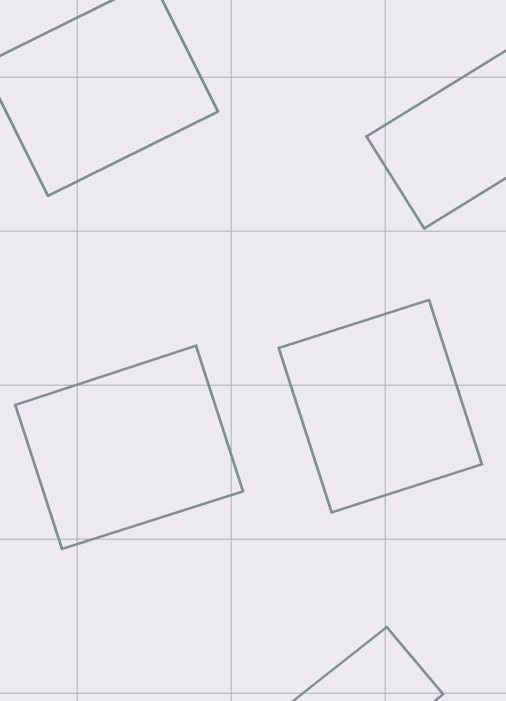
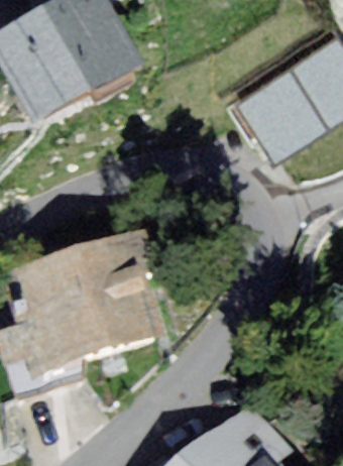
building: [279,300,482,512] -> none

